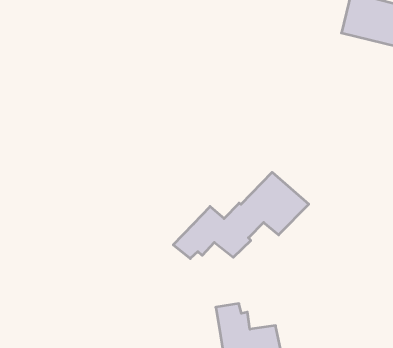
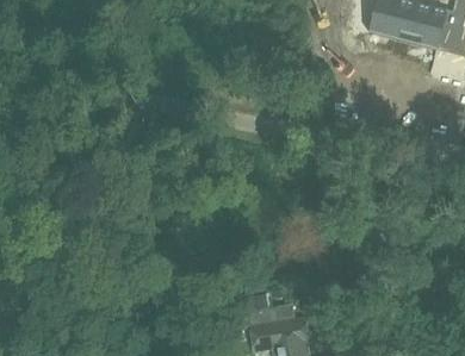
building: [173,172,309,259] -> none

